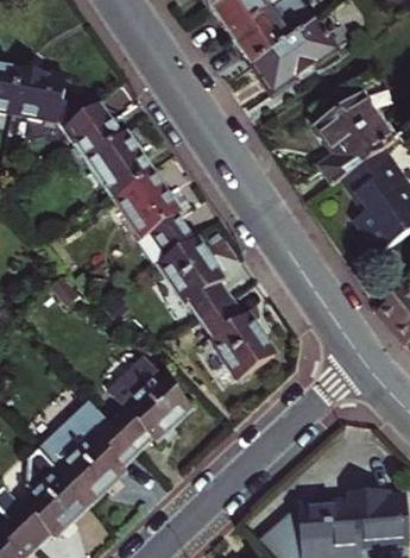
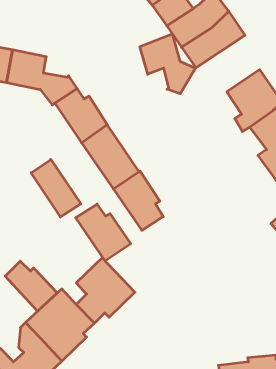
building: none -> [140,34,196,94]
building: none -> [31,159,81,217]
building: [197,300,273,378] -> [76,204,131,261]
building: none -> [5,261,57,311]

